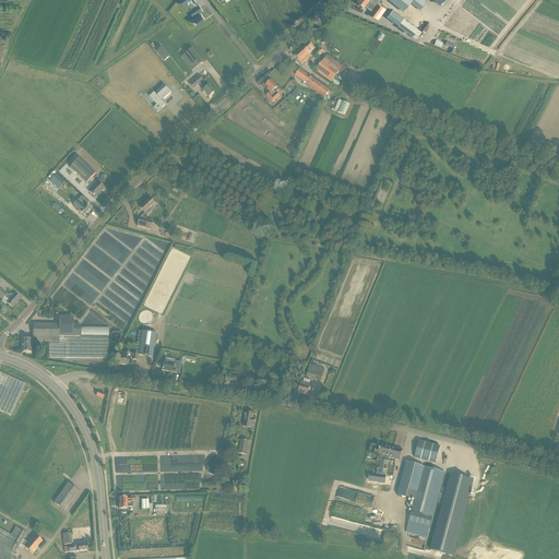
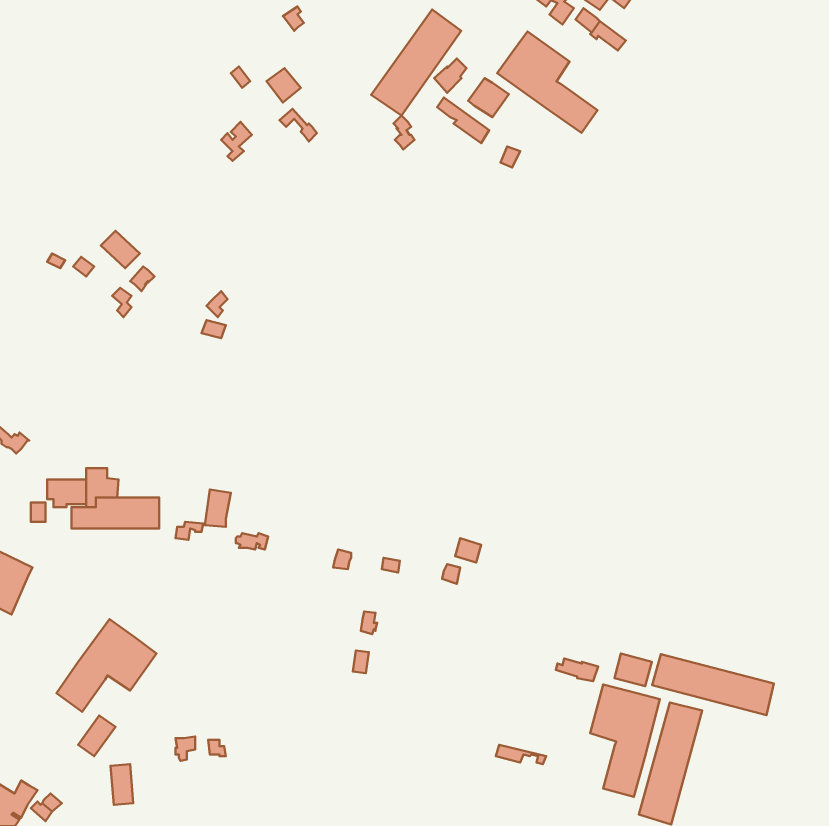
building: none -> [371,9,461,115]
building: none -> [497,32,598,133]
building: none -> [56,619,157,712]
building: none -> [652,654,774,715]

